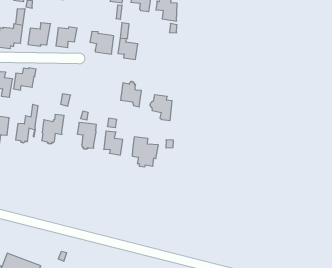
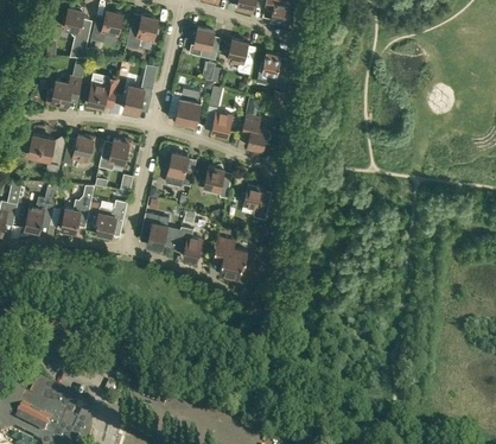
building: none -> [241,114,271,150]
building: none -> [98,138,132,169]
building: none -> [166,153,193,186]

